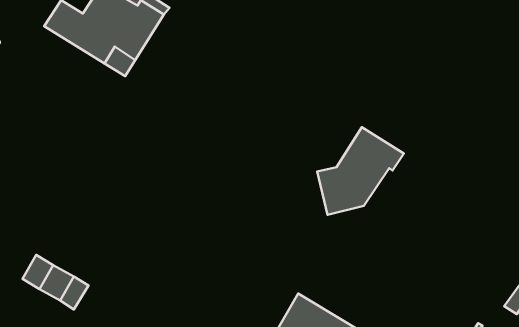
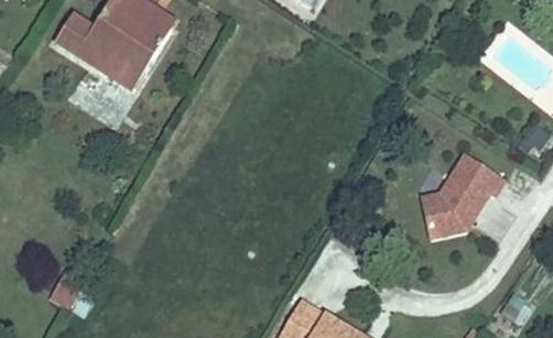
building: [317,127,404,215] -> [420,154,503,239]

